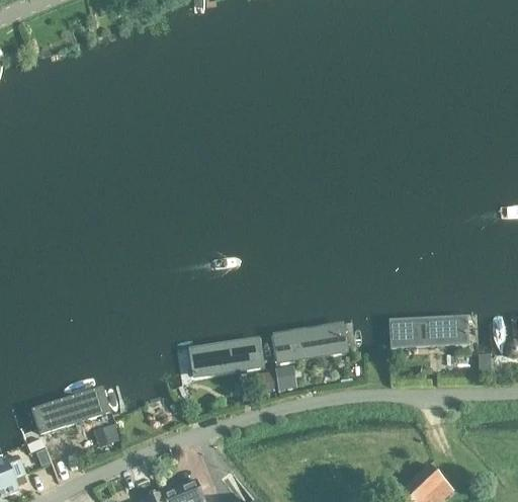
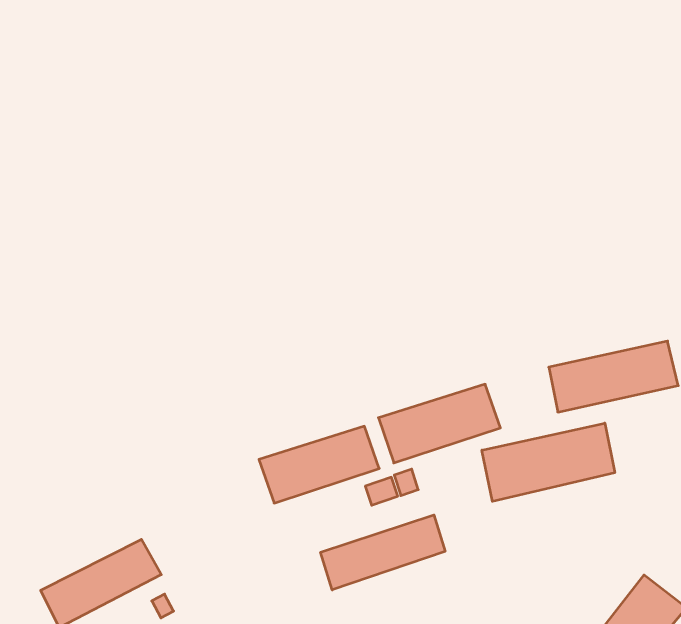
building: none -> [482,423,615,501]
building: none -> [321,515,445,590]

